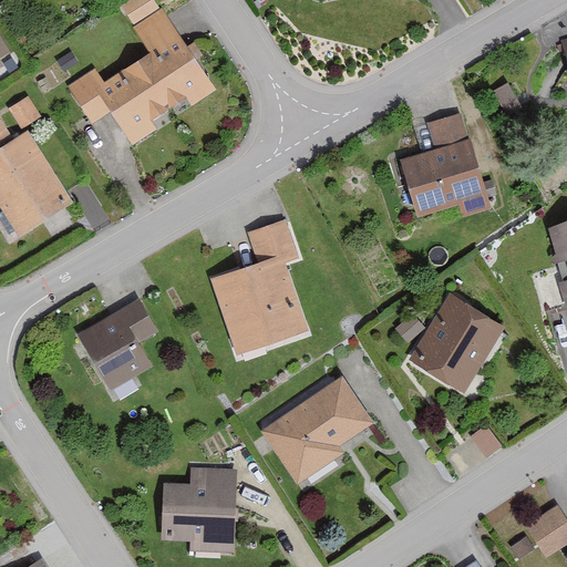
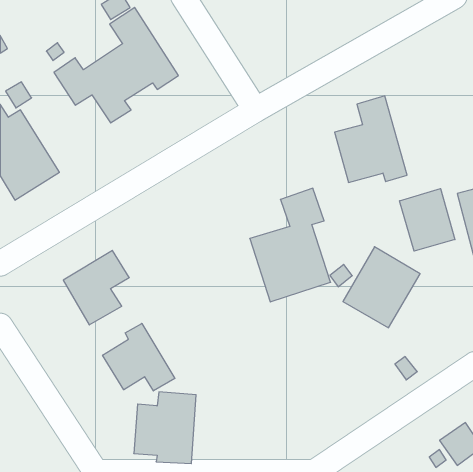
building: [210,216,307,351] -> [250,188,331,302]
building: none -> [400,189,455,251]
building: [261,374,374,483] -> none
building: none -> [103,323,175,391]

